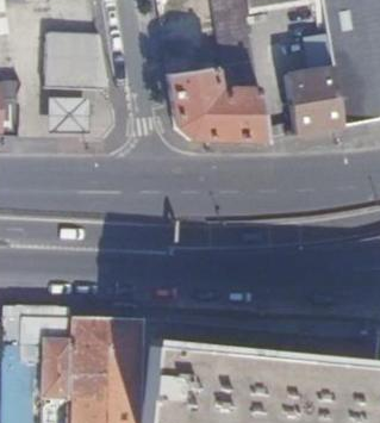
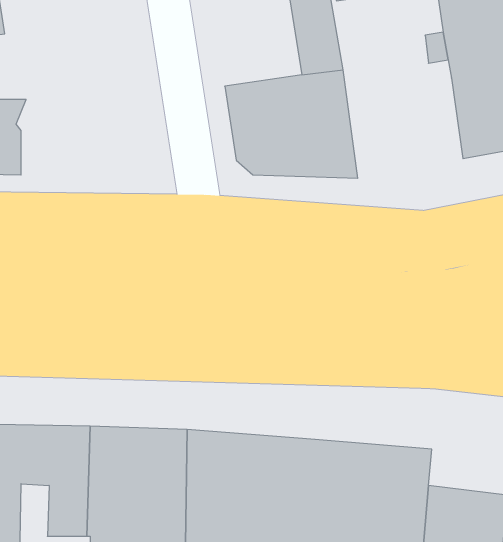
building: [44,33,107,93] -> none
building: [285,64,341,133] -> none
building: [51,98,93,133] -> none

